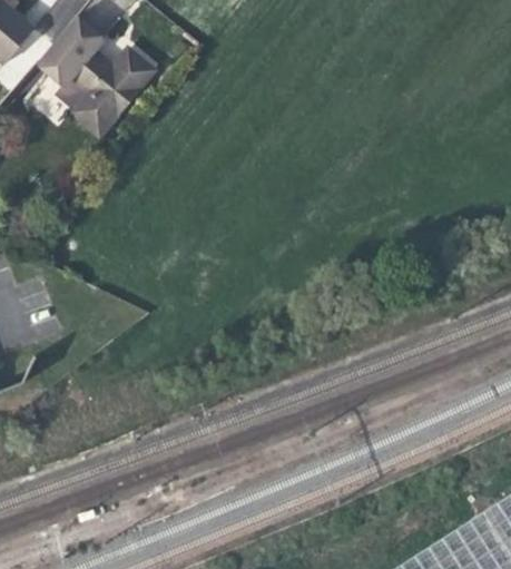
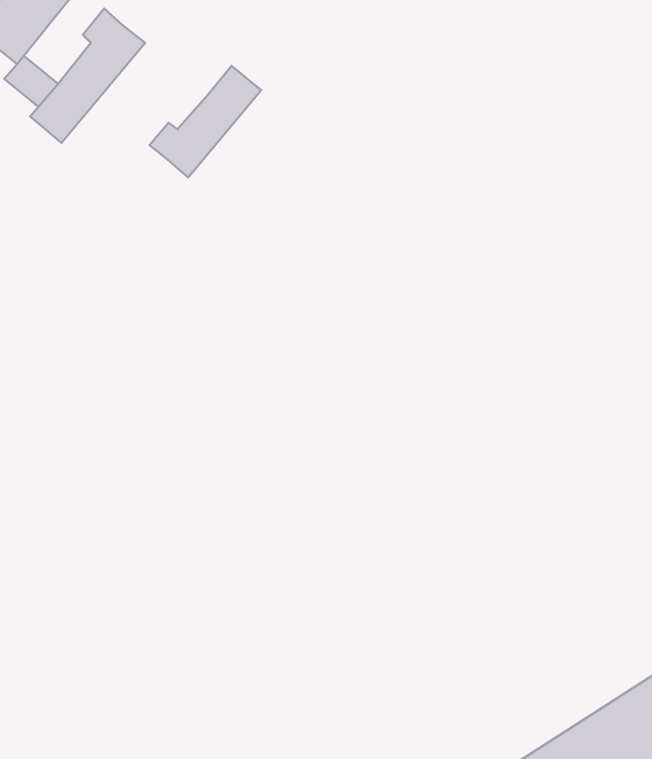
building: [70,52,116,99] -> none
building: none -> [149,66,261,178]

